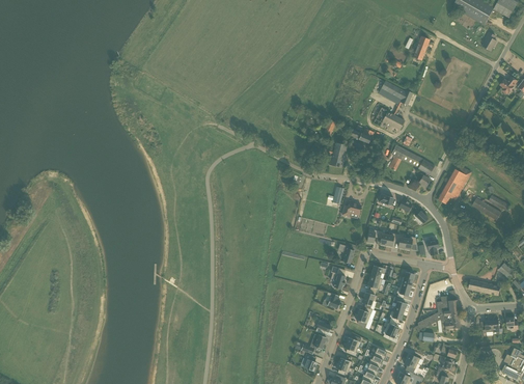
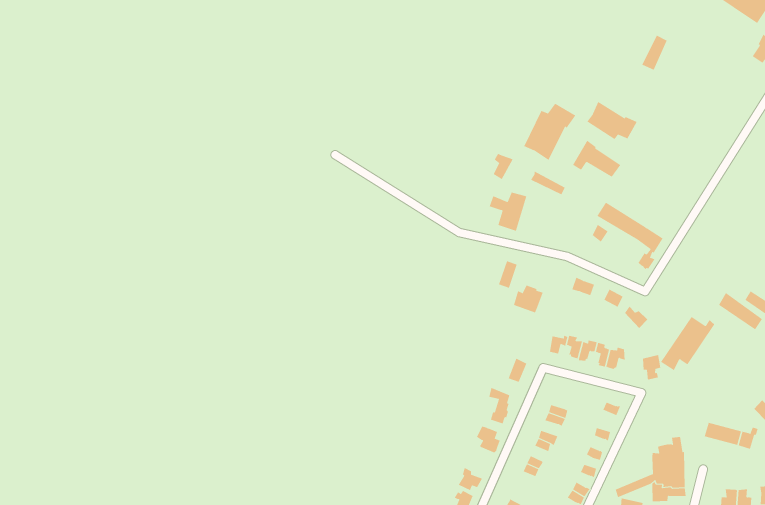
building: none -> [524,103,576,161]
building: [438,168,471,203] -> [660,316,715,371]

